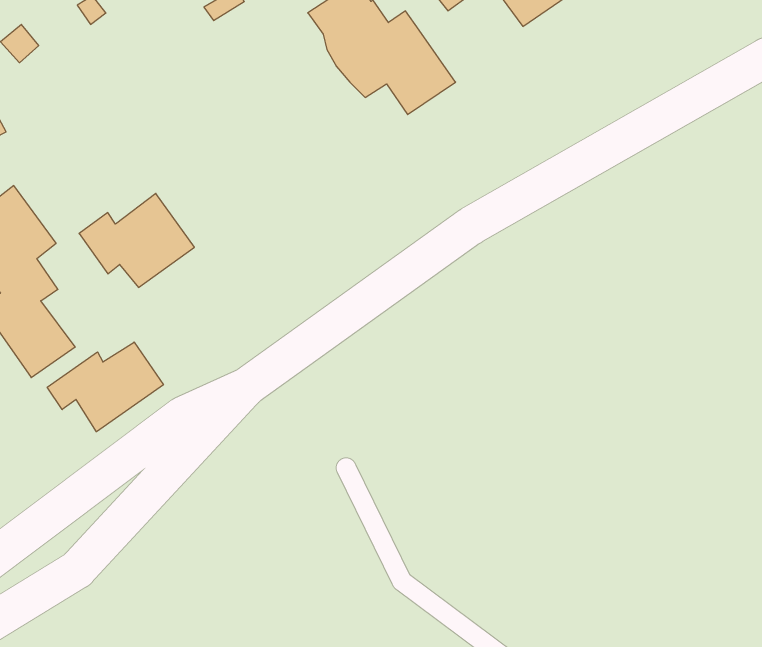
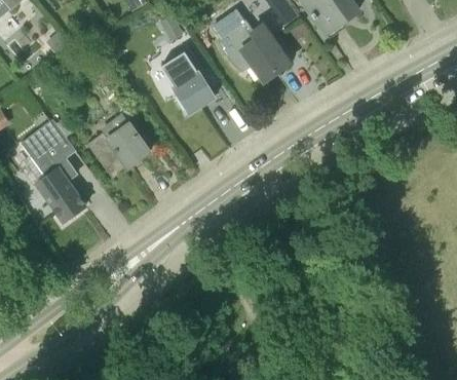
building: none -> [155,33,216,114]
building: [47,342,163,432] -> none

